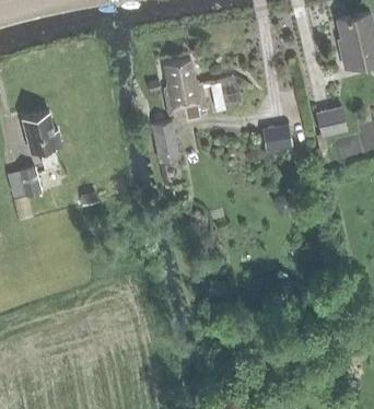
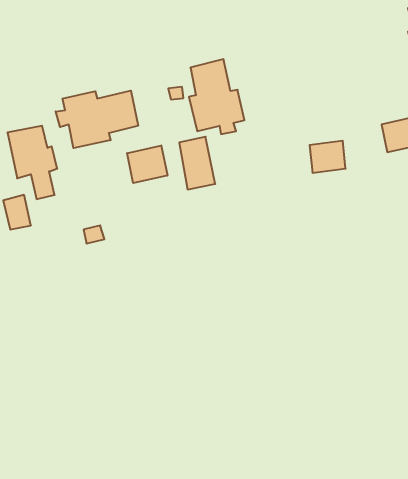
building: none -> [56,91,138,148]
building: none -> [127,145,167,183]

